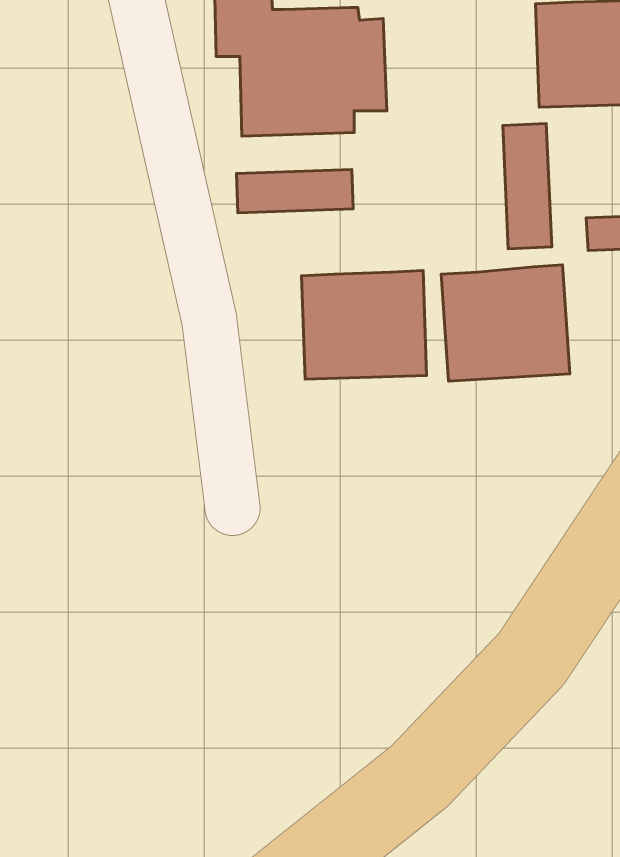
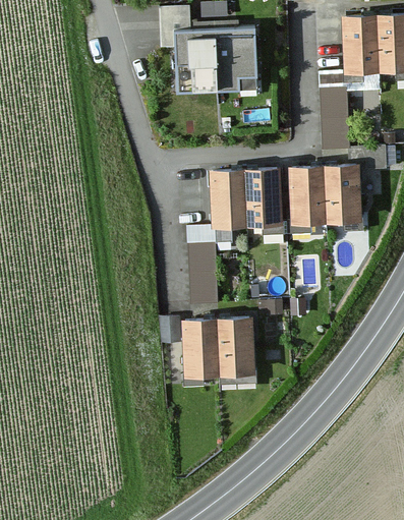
building: [236,170,353,213] -> none
building: none -> [191,244,218,309]
building: none -> [182,319,253,381]

